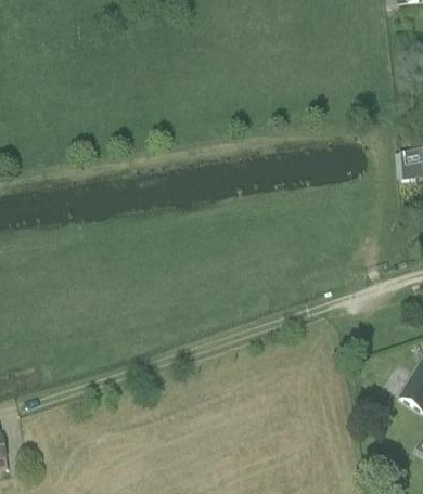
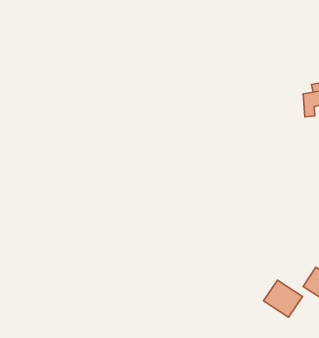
building: none -> [264,280,303,317]

